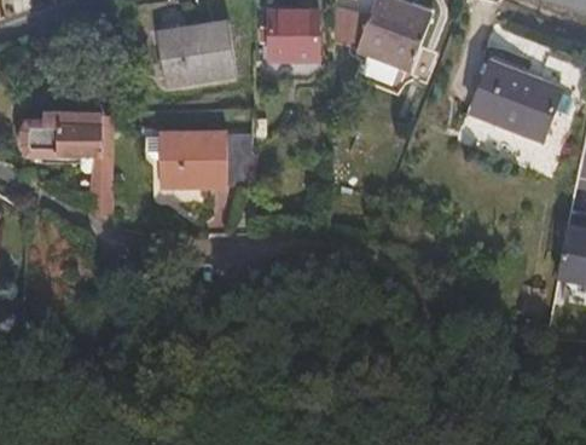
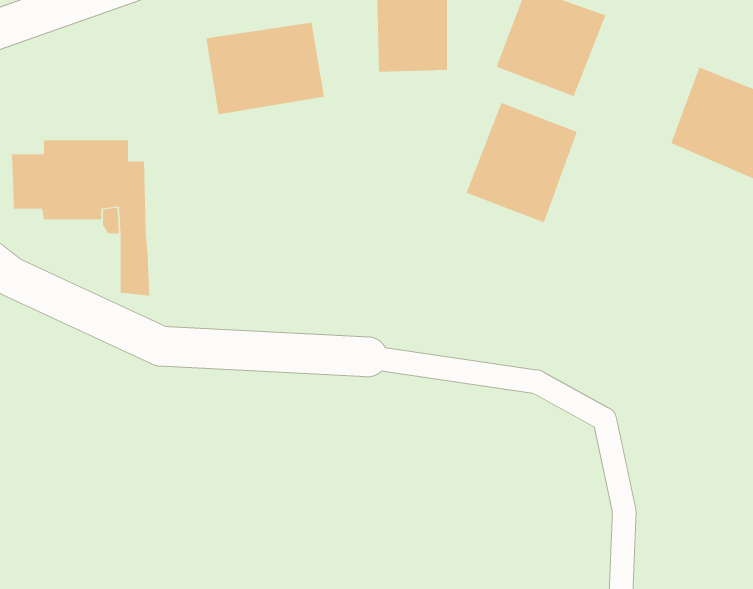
building: none -> [466,102,577,223]
building: [161,132,256,186] -> none

